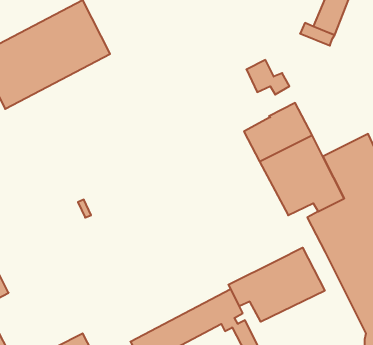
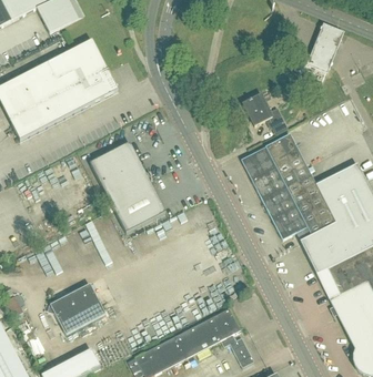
building: none -> [89,142,164,232]
building: [228,248,325,322] -> none
building: none -> [50,283,105,334]

